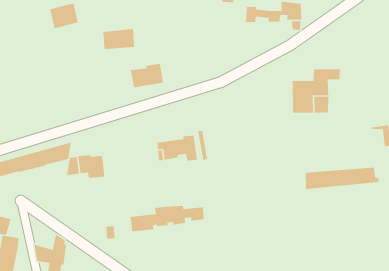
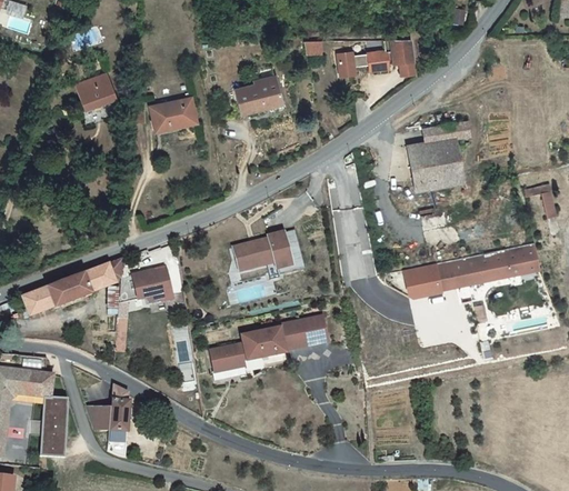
building: [130,63,164,88] -> [232,78,280,116]
building: none -> [408,259,450,294]
building: none -> [280,314,328,343]

